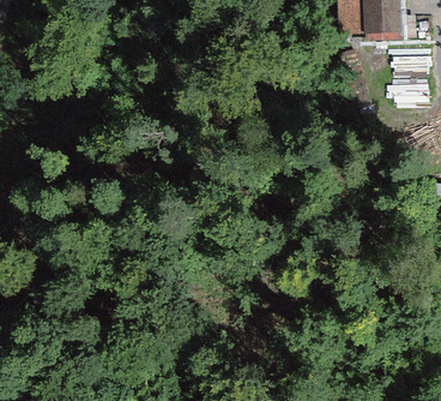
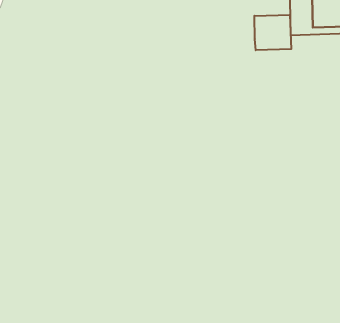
building: none -> [254,15,291,50]

